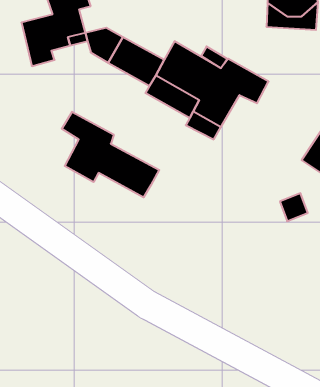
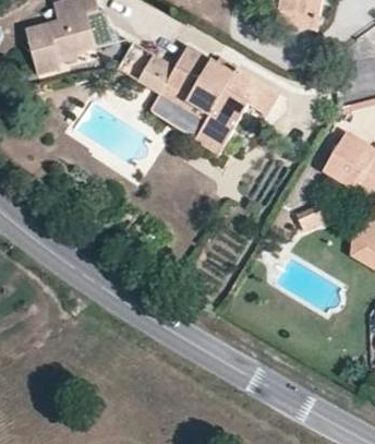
building: [62,112,159,197] -> none

